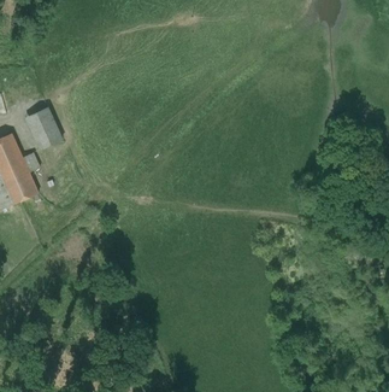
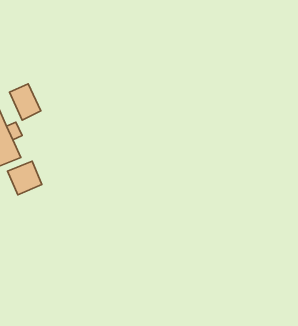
building: none -> [7,161,42,195]

